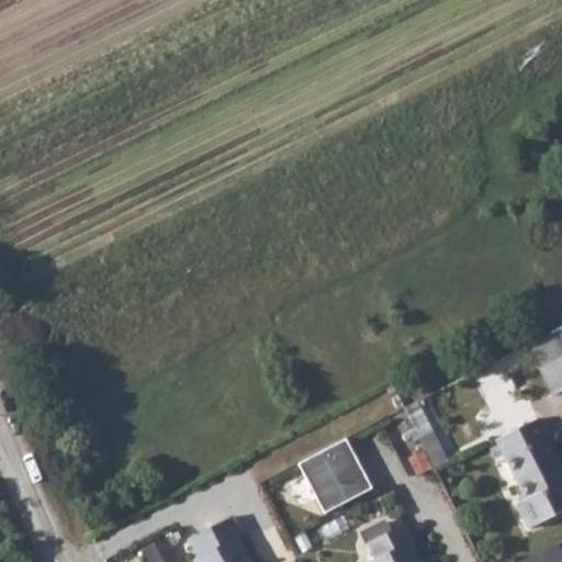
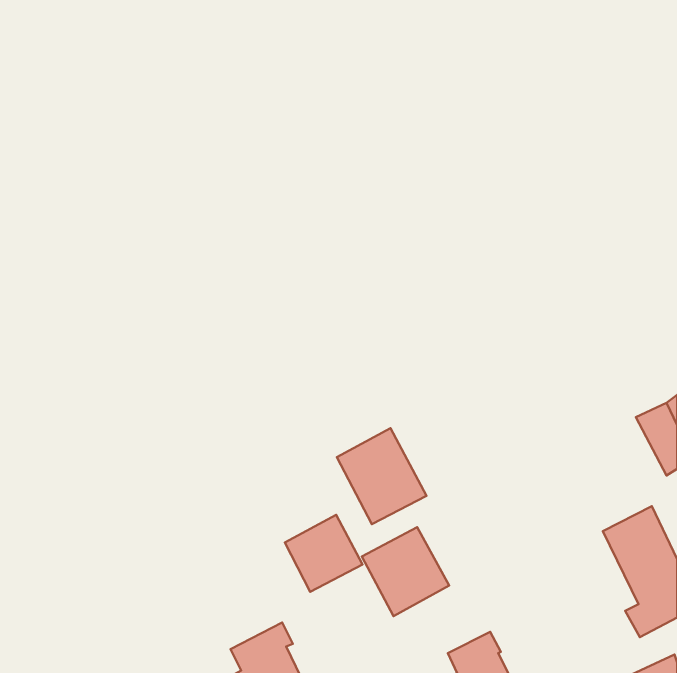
building: none -> [337,428,426,524]
building: none -> [285,515,363,592]

